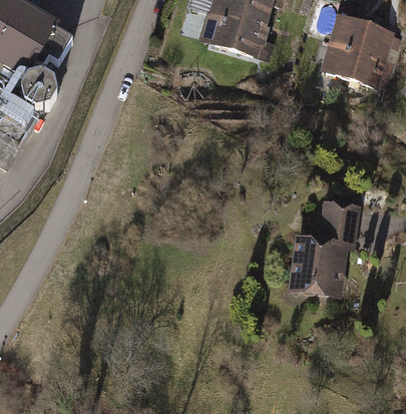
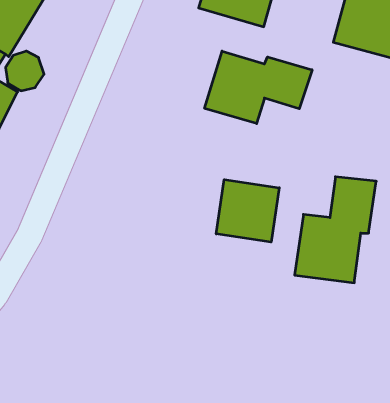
building: none -> [205,51,312,124]
building: none -> [216,180,279,242]

